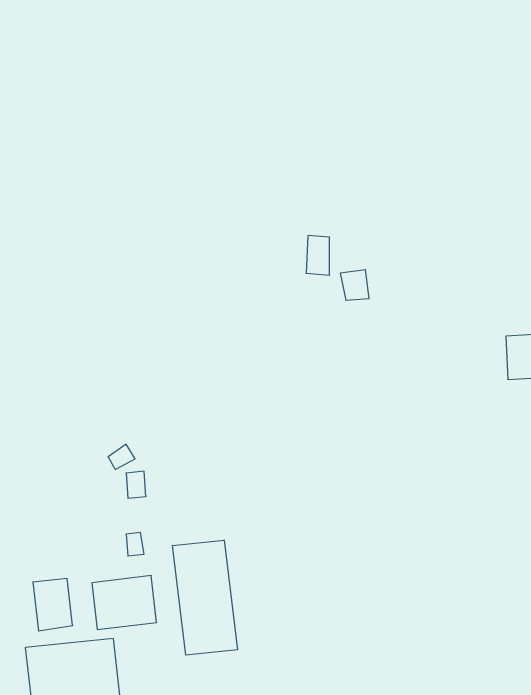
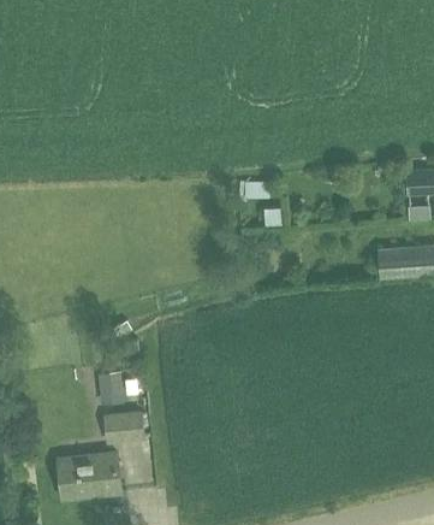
building: [173,540,237,655] -> none
building: [33,579,73,631] -> [99,372,125,407]

